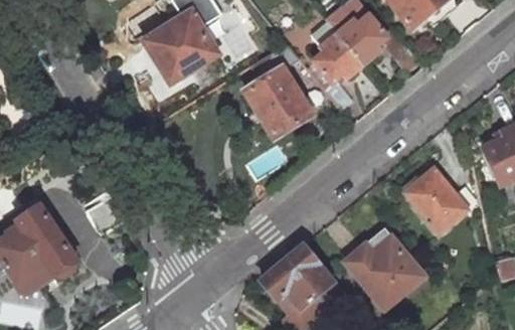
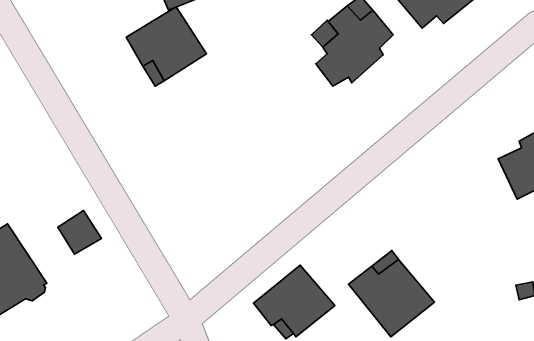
building: [247,44,315,139] -> none
building: [405,167,468,233] -> none

